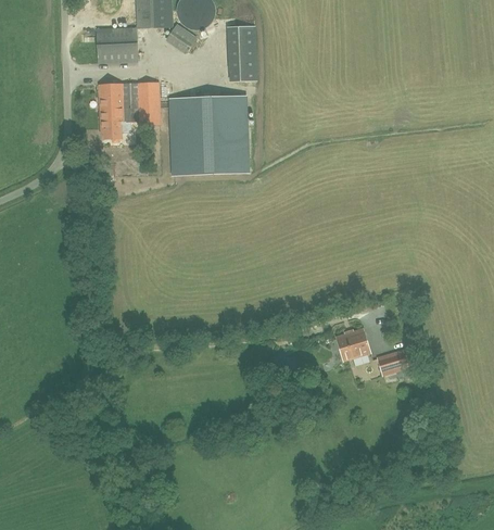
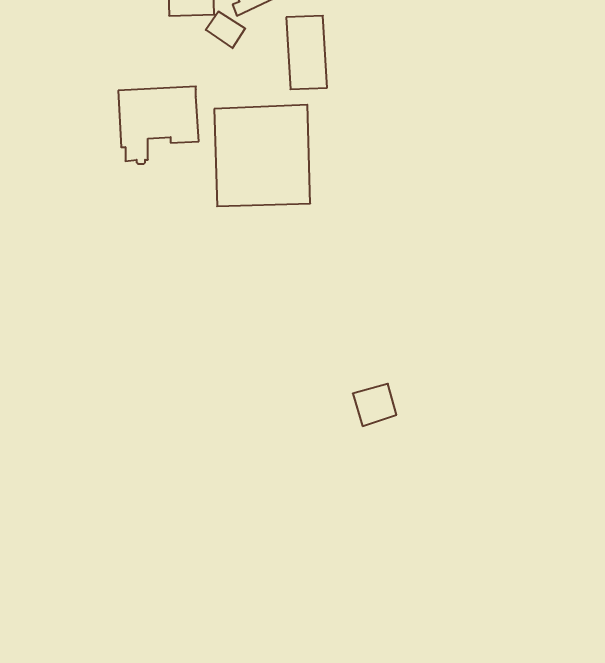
building: [96,28,136,62] -> none
building: [335,328,369,361] -> [353,384,396,426]
building: [377,348,414,375] -> none

